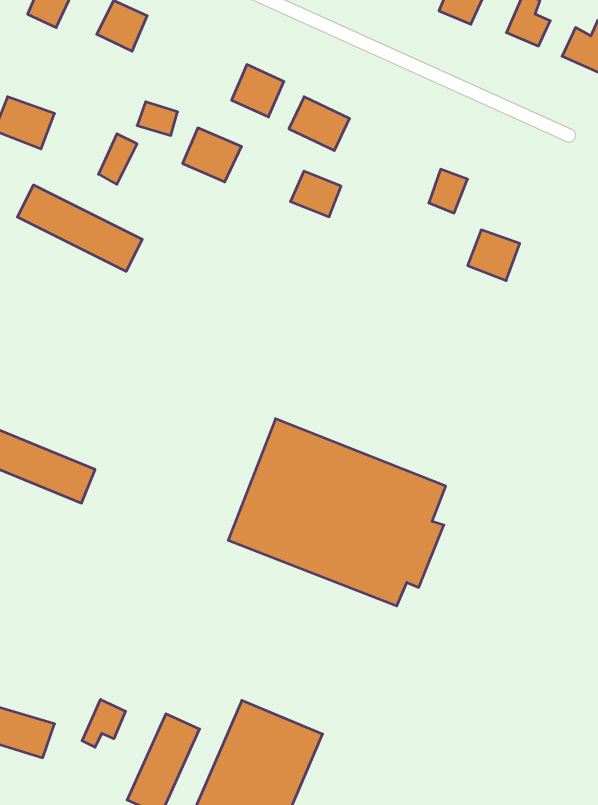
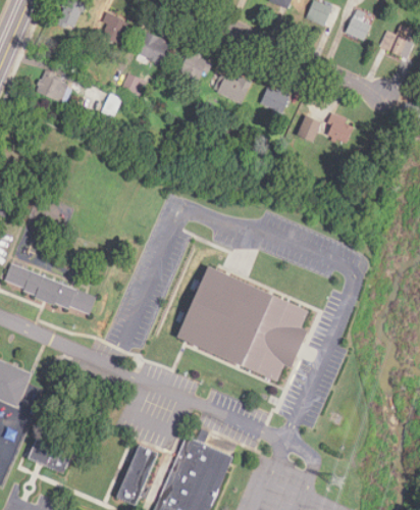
building: [183,128,242,182] -> [137,32,172,64]
building: [290,171,341,217] -> [259,88,290,115]
building: [17,185,142,271] -> none
building: [468,230,520,281] -> [324,114,356,145]
building: [82,699,126,747] -> none

